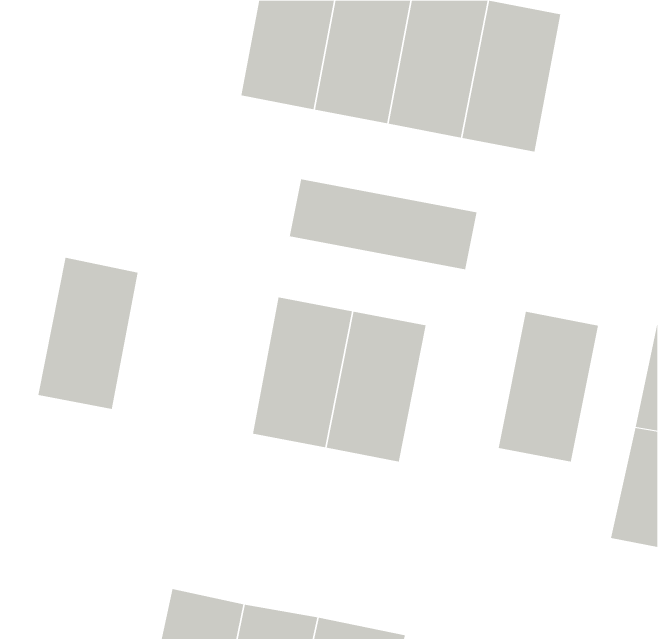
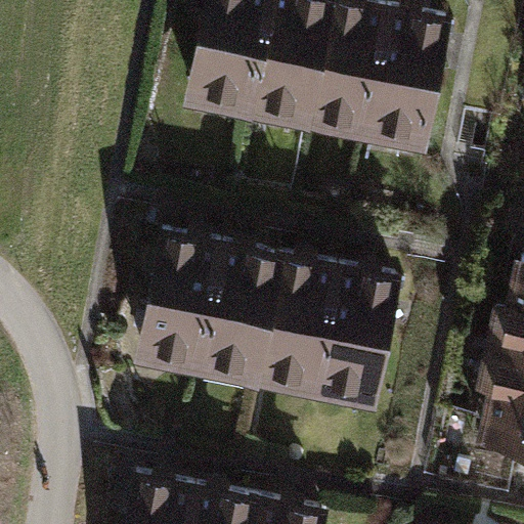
building: [289,178,477,270] -> none
building: [38,257,138,409] -> [140,239,220,360]
building: [498,311,599,462] -> [316,274,396,394]

